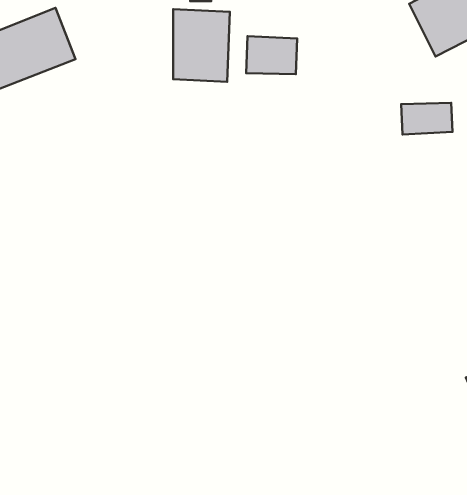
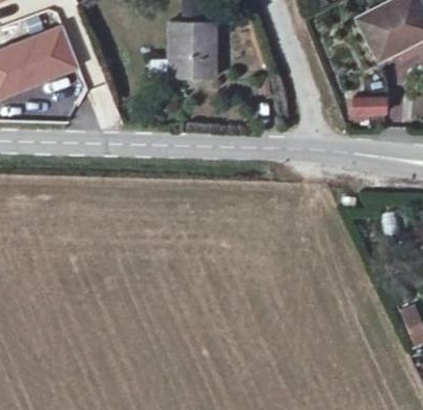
building: [246,36,297,74] -> none

